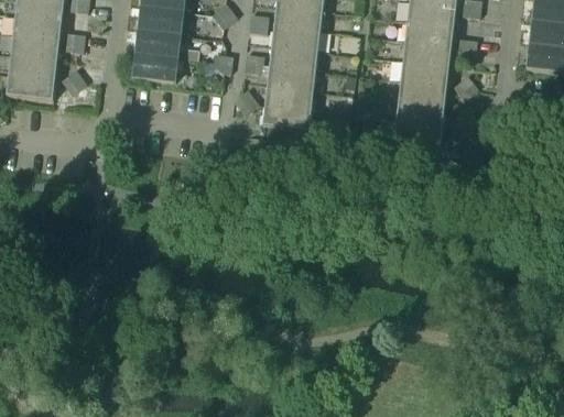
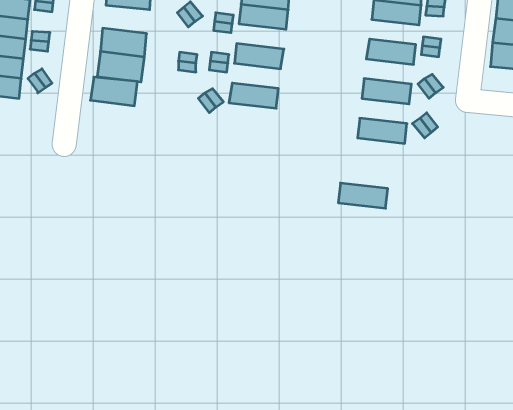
building: [138,7,185,35] -> [90,77,138,106]
building: [405,21,455,46] -> none
building: [272,25,322,51] -> none
building: [400,61,449,86] -> none
building: [268,65,316,90] -> none
building: [395,100,445,125] -> [338,183,388,208]
building: [262,105,312,130] -> none

